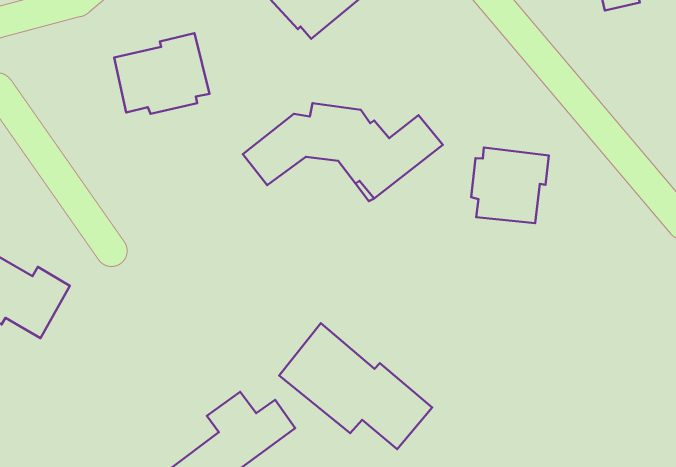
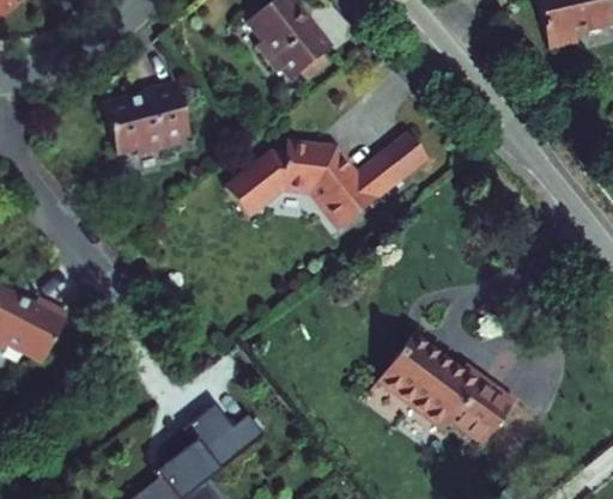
building: none -> [382,132,429,177]
building: [471,147,549,223] -> none
building: [279,323,432,449] -> [375,339,511,451]

